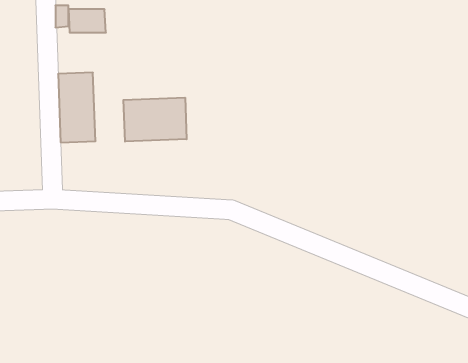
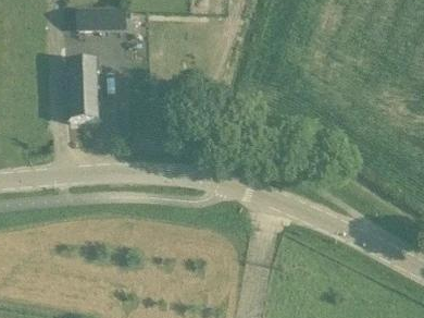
building: [123,98,187,142] -> none

